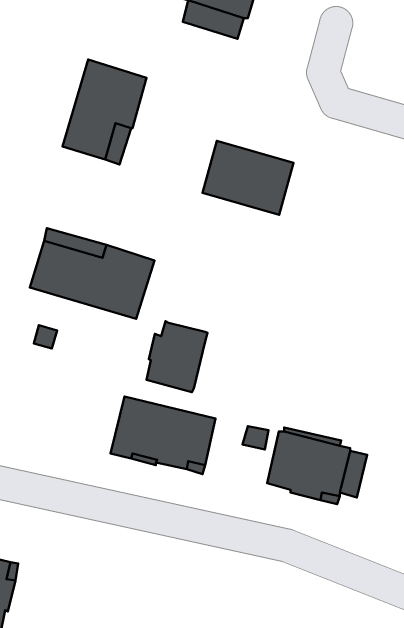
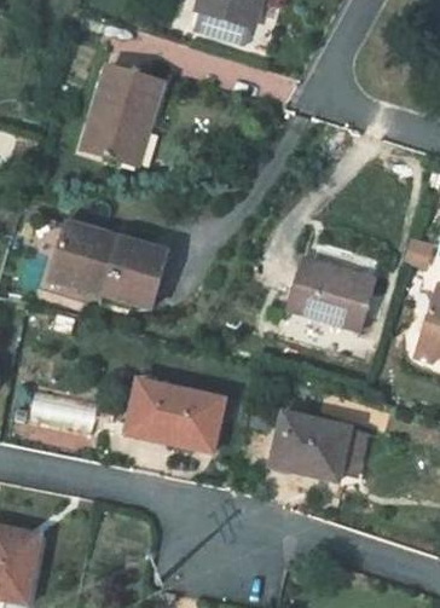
building: [203,141,293,215] -> [289,260,374,329]
building: [146,321,207,392] -> none

